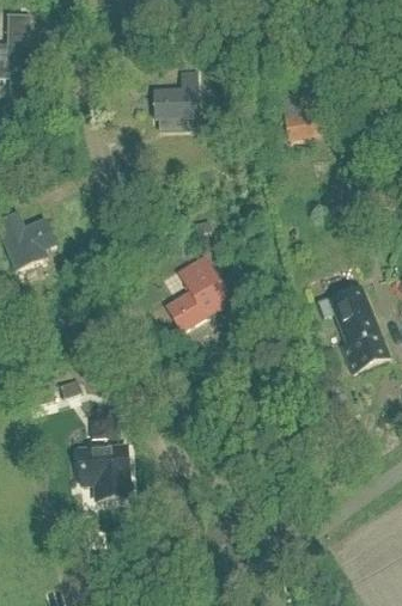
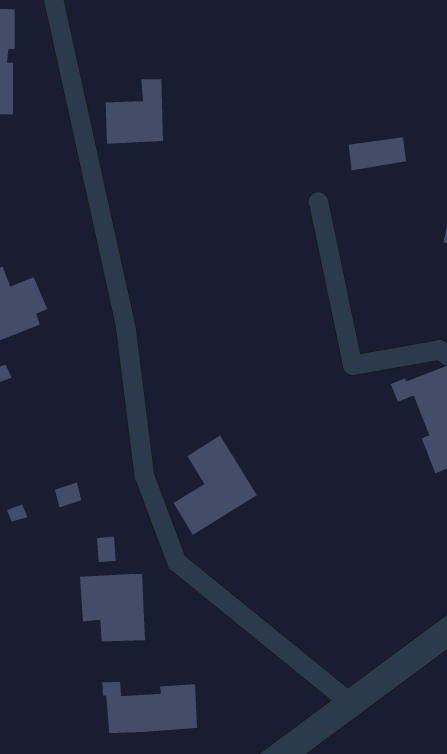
building: [151,69,196,120] -> [105,79,164,144]
building: [165,255,231,332] -> [172,434,258,535]
building: none -> [102,681,197,734]

